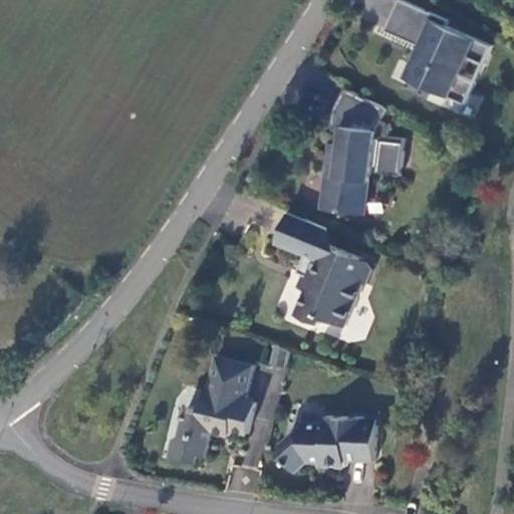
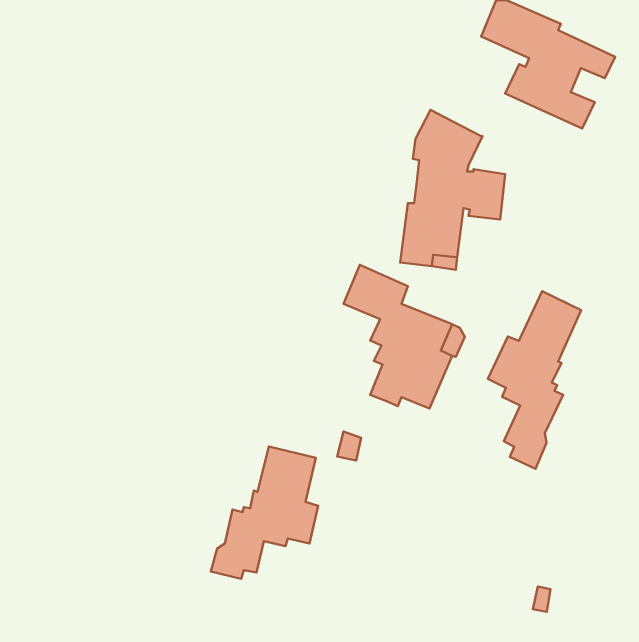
building: none -> [488,291,581,469]
building: [278,418,373,473] -> none

